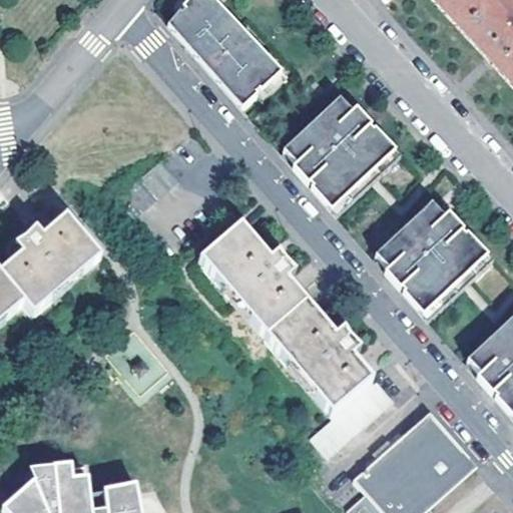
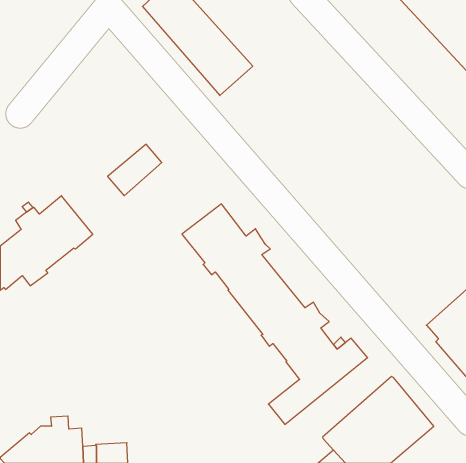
building: [285,95,396,205] -> none
building: [377,199,489,311] -> none

